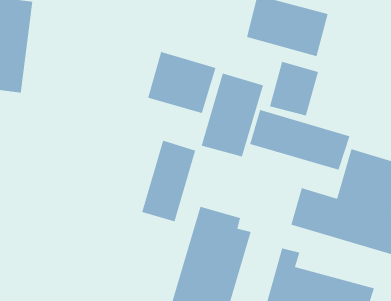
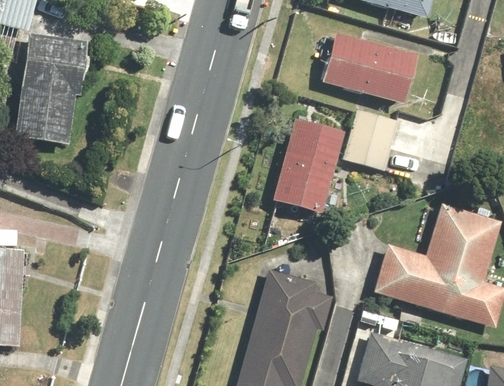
building: [147,51,216,114] -> none
building: [249,109,350,170] -> none
building: [142,140,196,222] -> none

